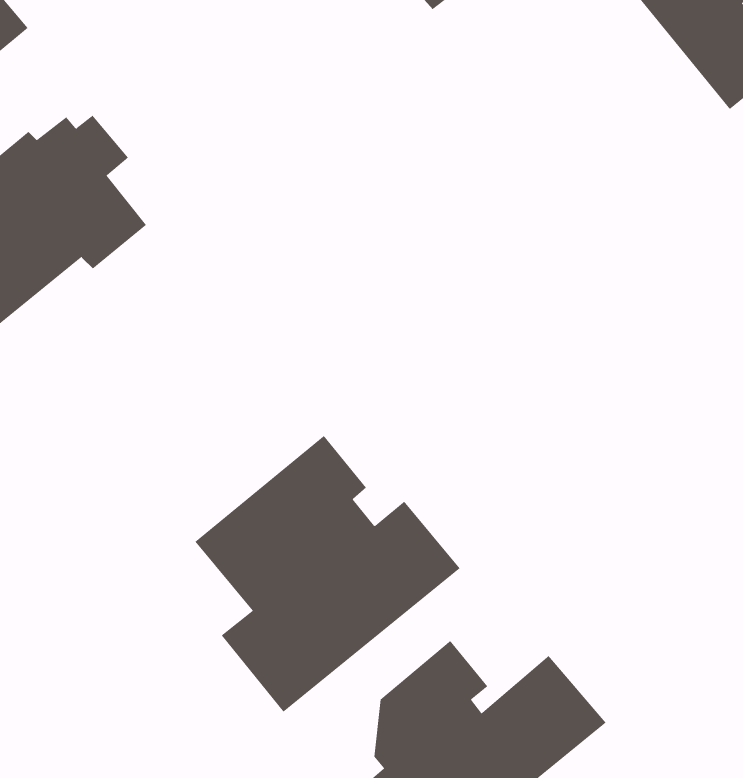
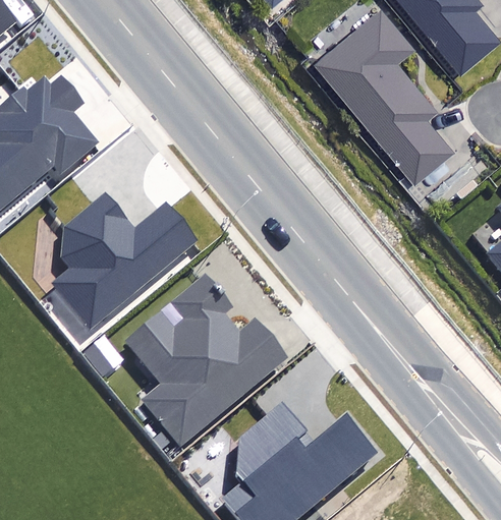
building: none -> [315,13,451,184]
building: none -> [51,194,200,330]

